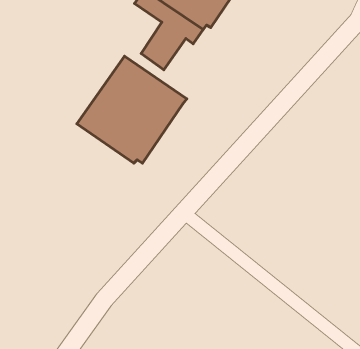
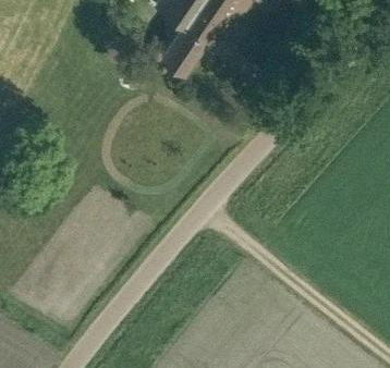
building: [77,56,187,163] -> none

